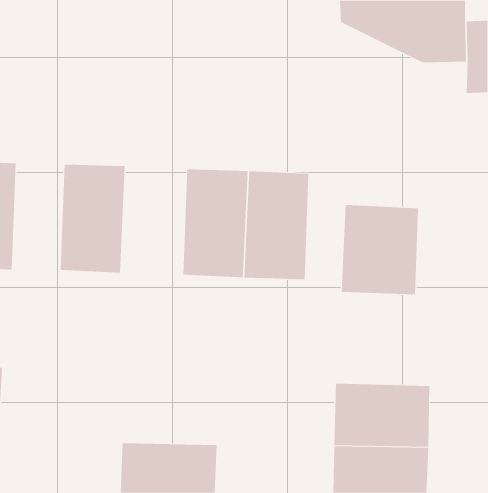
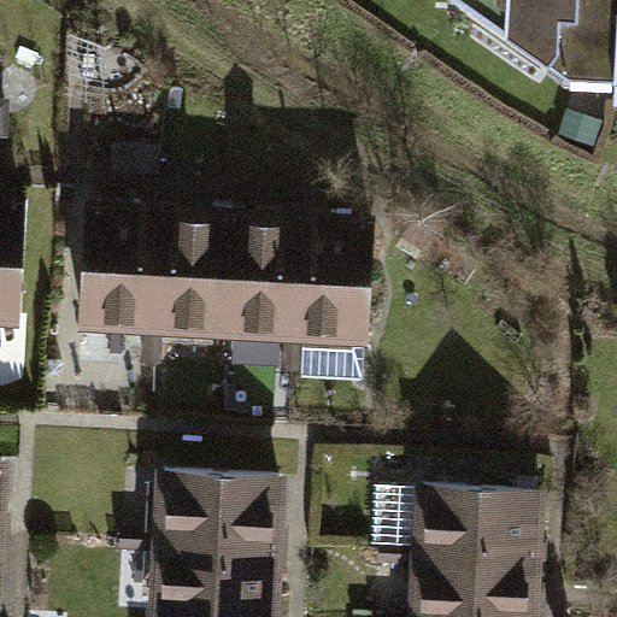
building: none -> [151,207,233,343]
building: [341,204,418,295] -> none
building: none -> [152,475,272,556]

